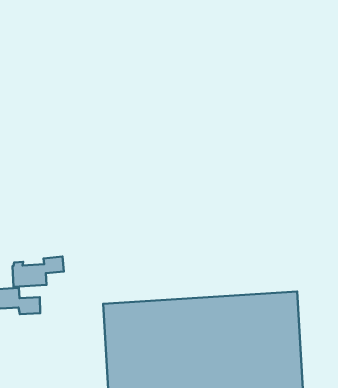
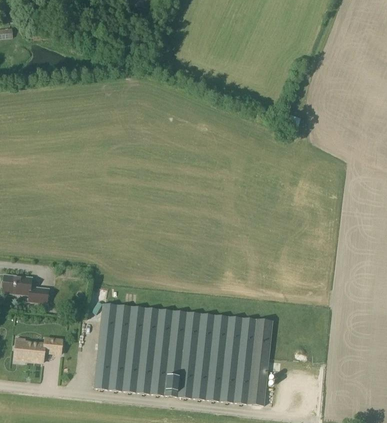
building: [12,257,64,287] -> [14,338,61,362]

